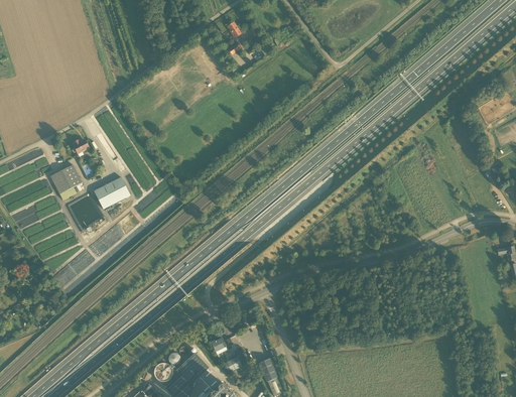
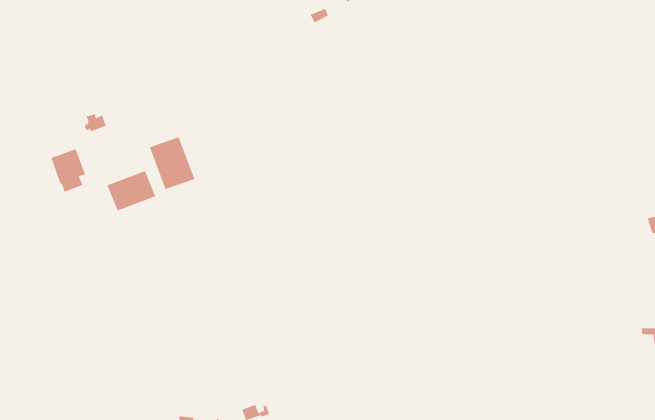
building: none -> [149,137,195,190]

